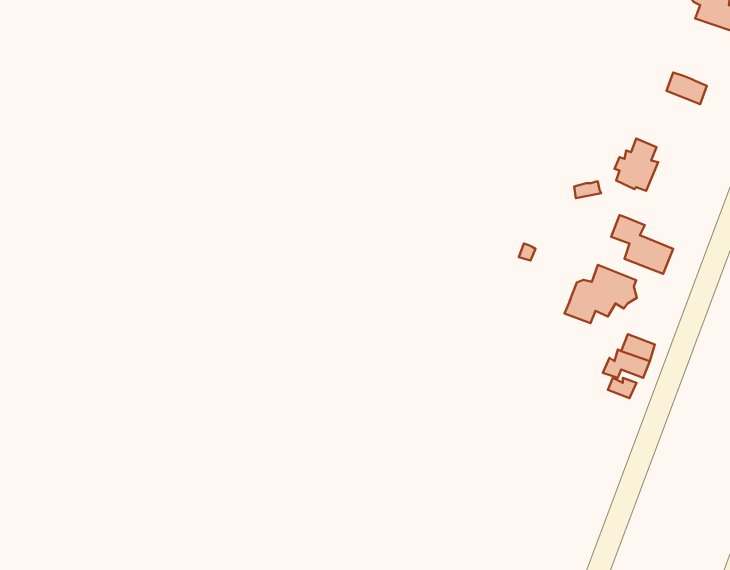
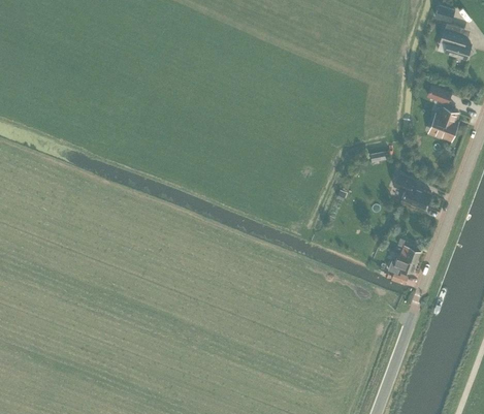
building: [614,139,658,191] -> [429,106,456,138]
building: [564,265,637,323] -> none

